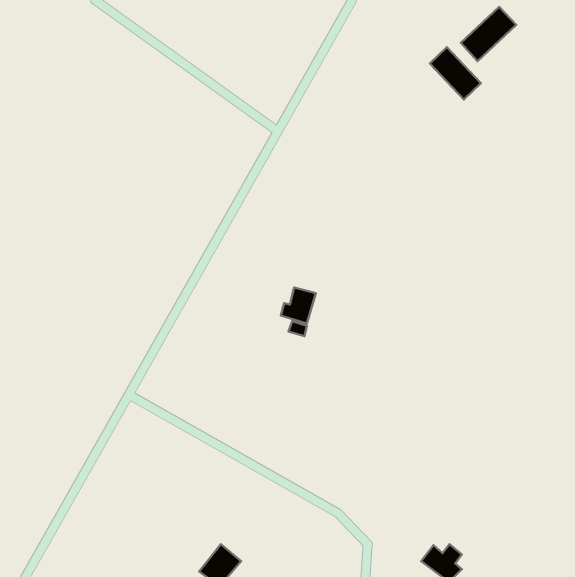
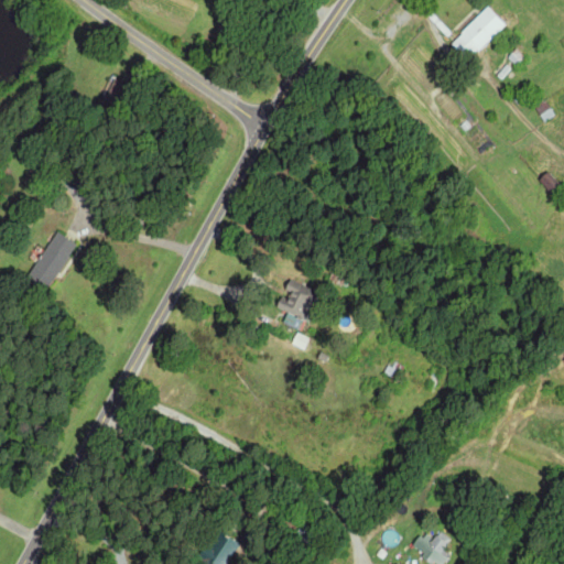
building: [430,47,481,99] -> none
building: none -> [30,231,76,292]

